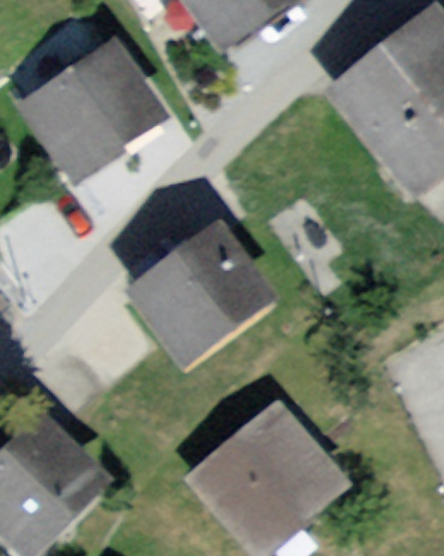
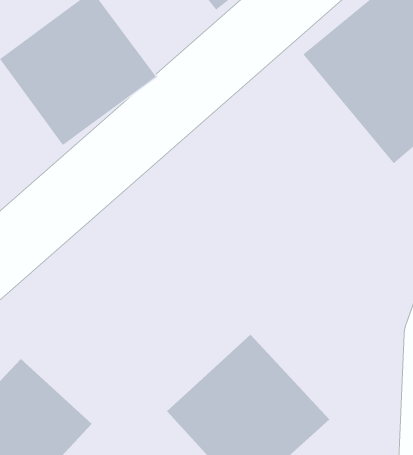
building: [110,229,274,386] -> none

